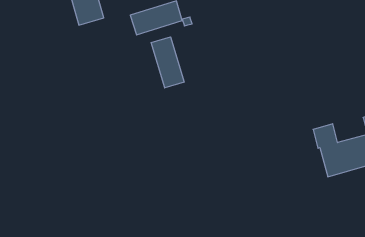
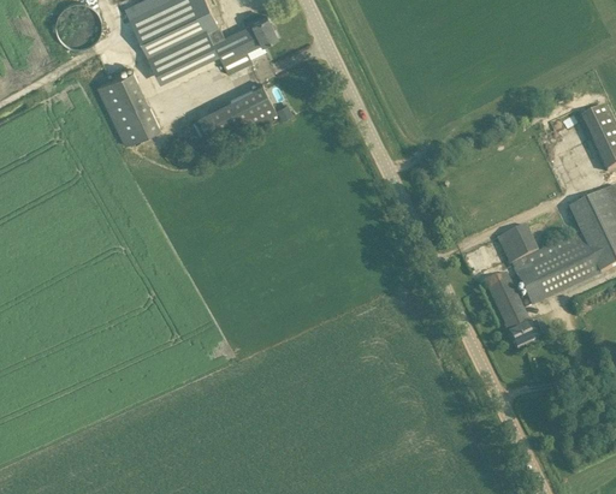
building: [151,37,184,88] -> none
building: none -> [485,273,534,350]

